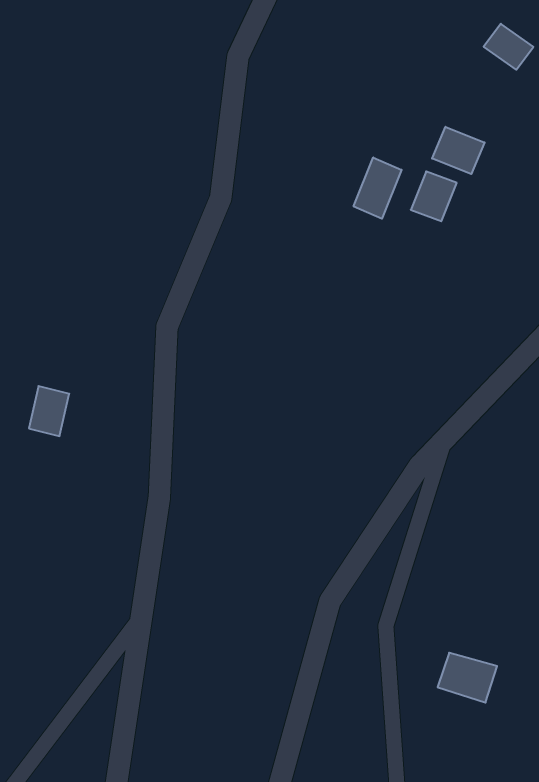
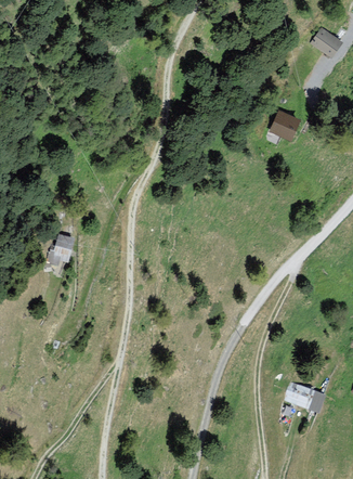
building: [432,127,485,174] -> none
building: [354,157,402,219] -> none

